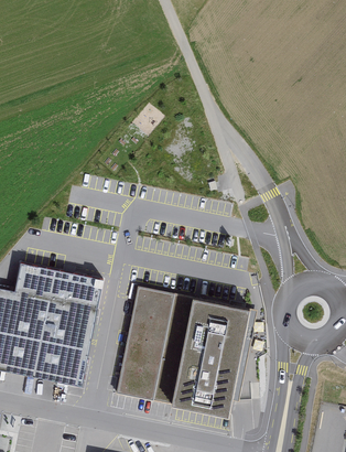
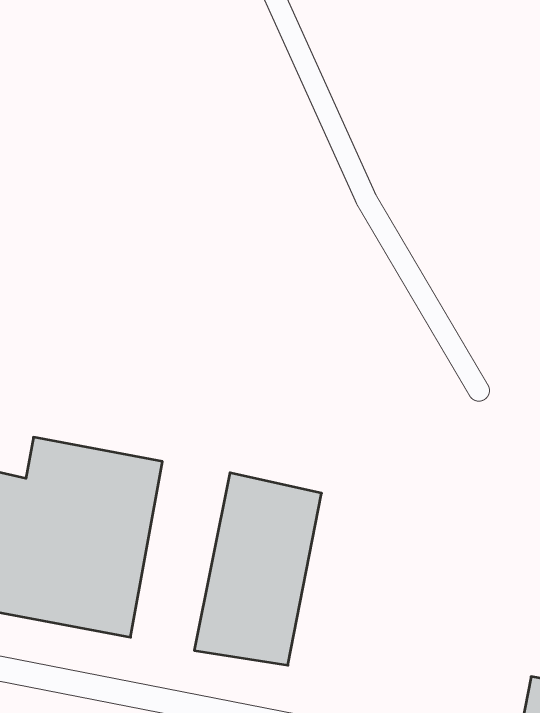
building: [177,298,259,411] -> none

